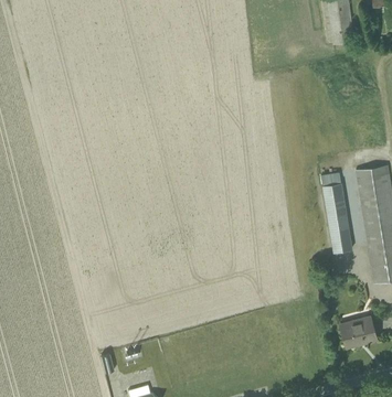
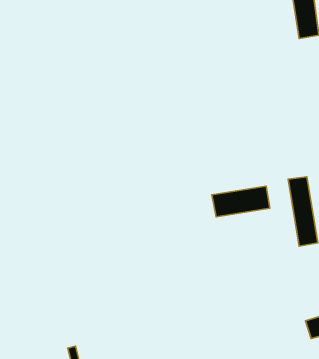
building: none -> [212,186,270,217]

